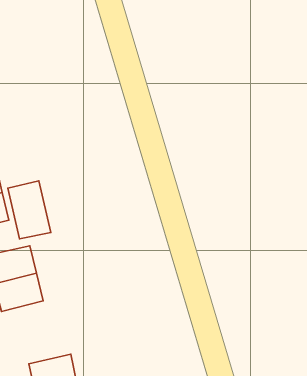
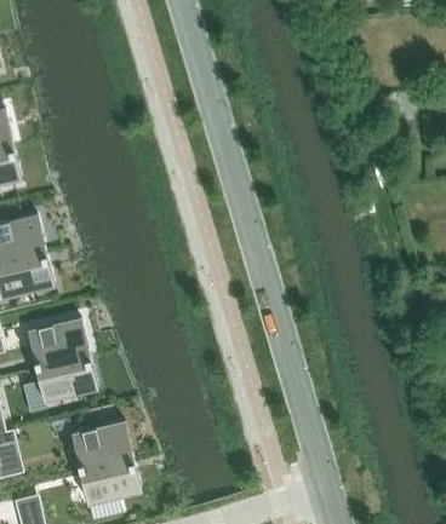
building: [8,181,51,239] -> none
building: none -> [70,420,132,467]

